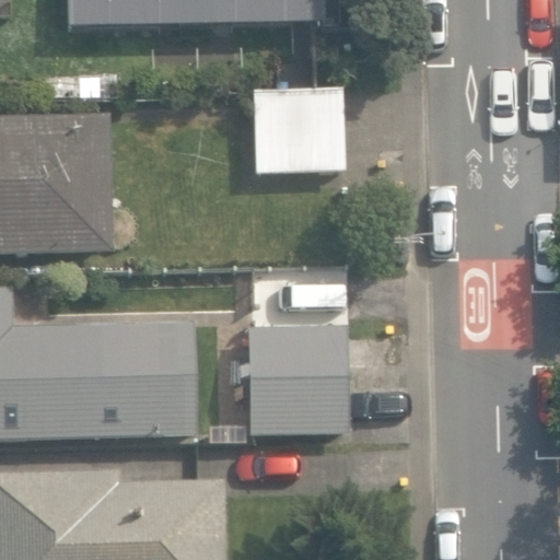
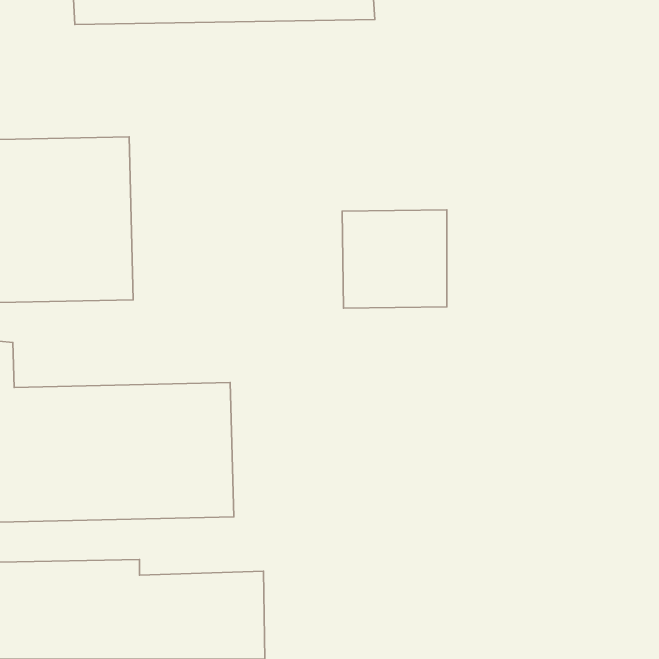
building: [246,85,335,168] -> [342,210,447,308]
building: [248,328,350,438] -> none

